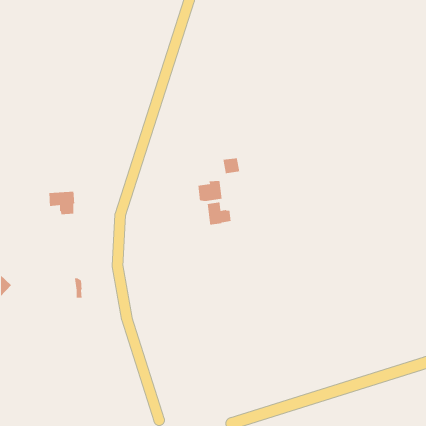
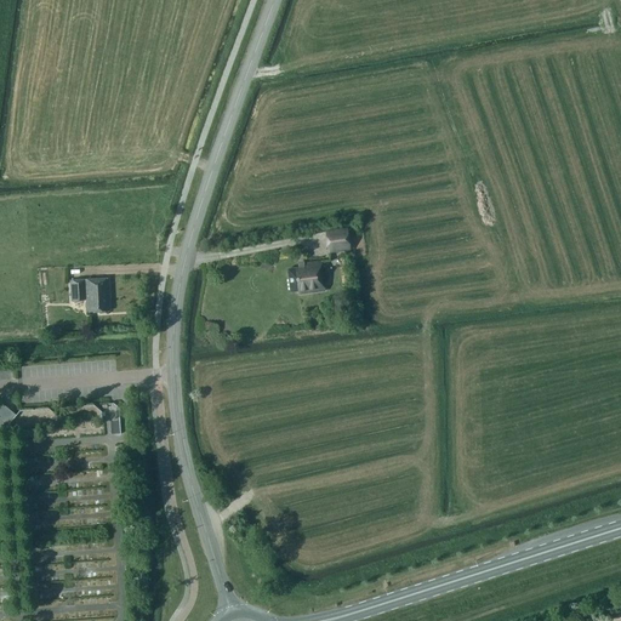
building: [207,202,232,225] -> none

